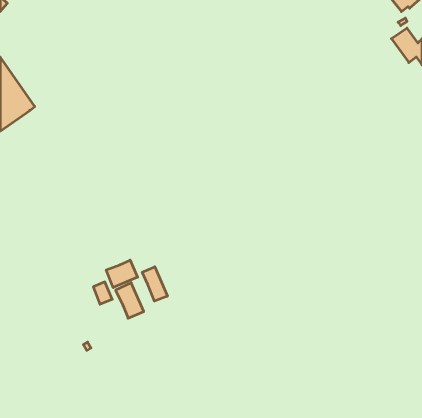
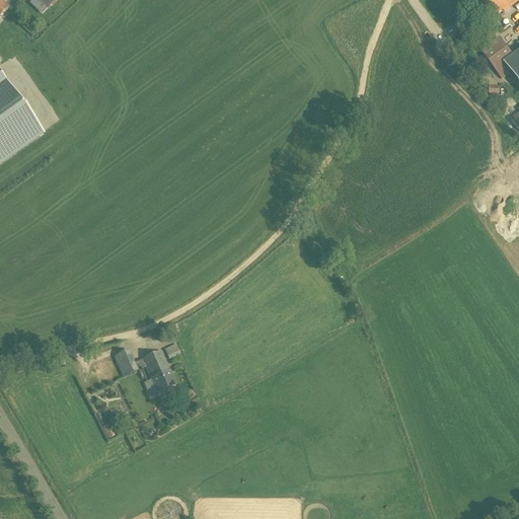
building: [106,260,138,288] -> none
building: [142,267,167,301] -> none

